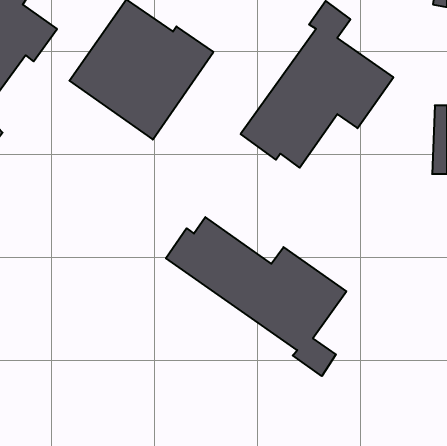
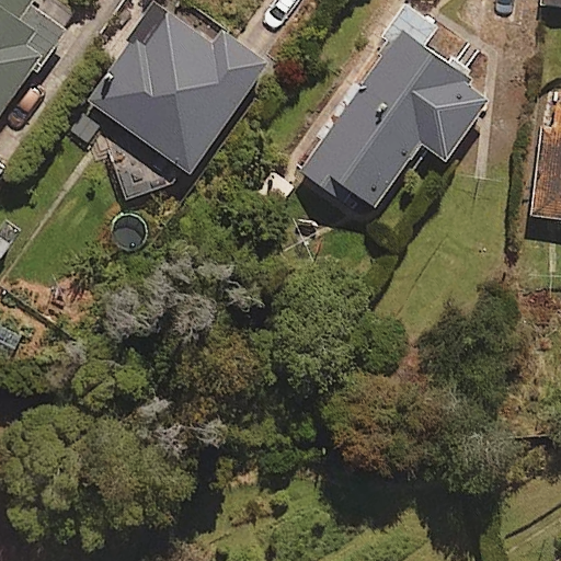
building: [166,217,346,376] -> none

